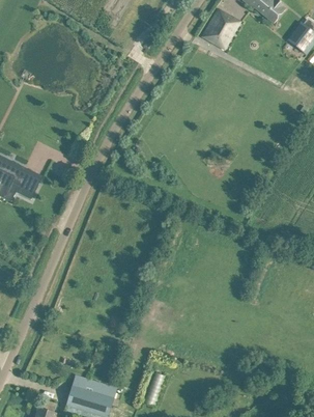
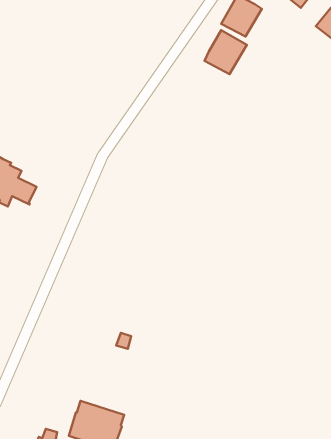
building: none -> [204,30,247,74]

